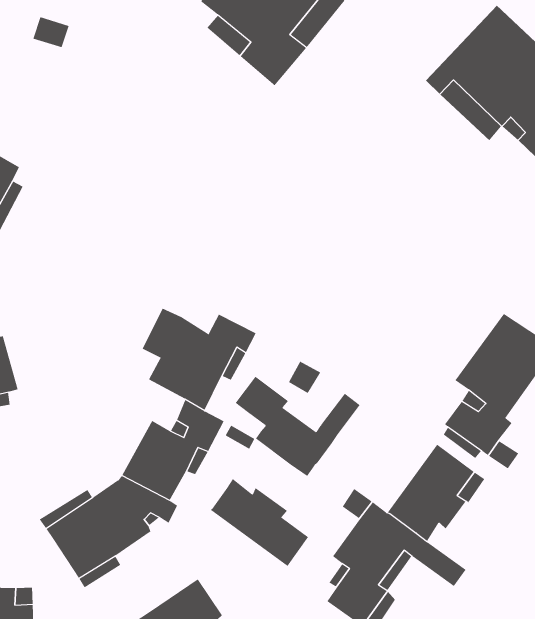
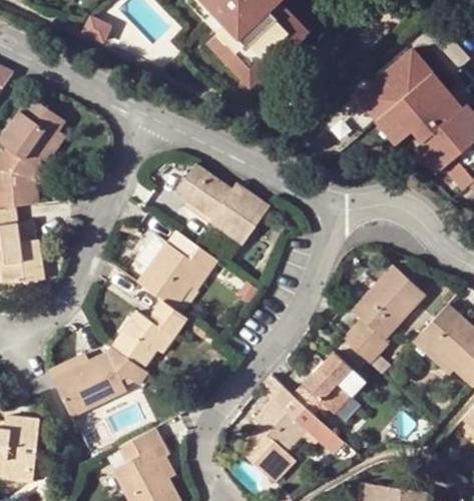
building: none -> [174,162,269,245]
building: [235,376,361,477] -> none
building: [209,478,309,567] -> none

